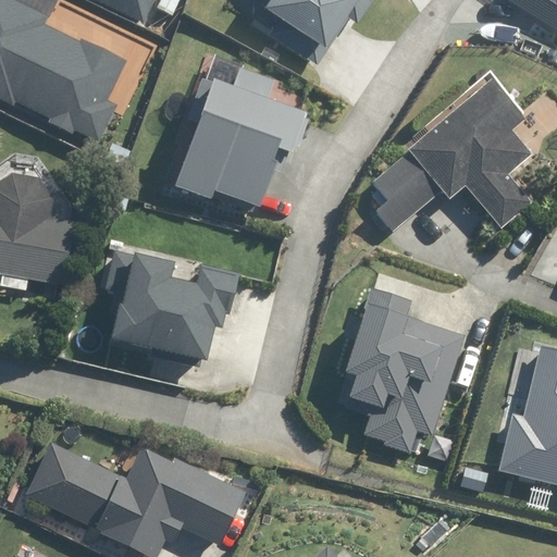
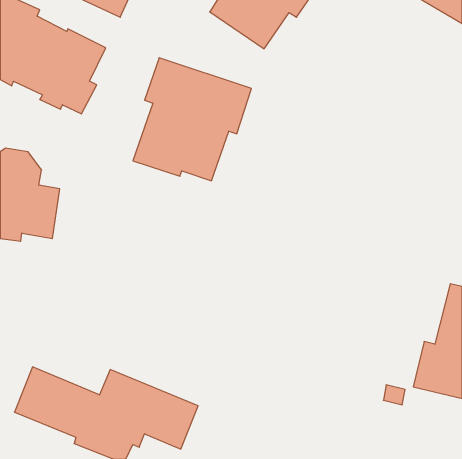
building: [366,84,532,231] -> none
building: [104,246,240,357] -> none
building: [347,285,466,449] -> none

